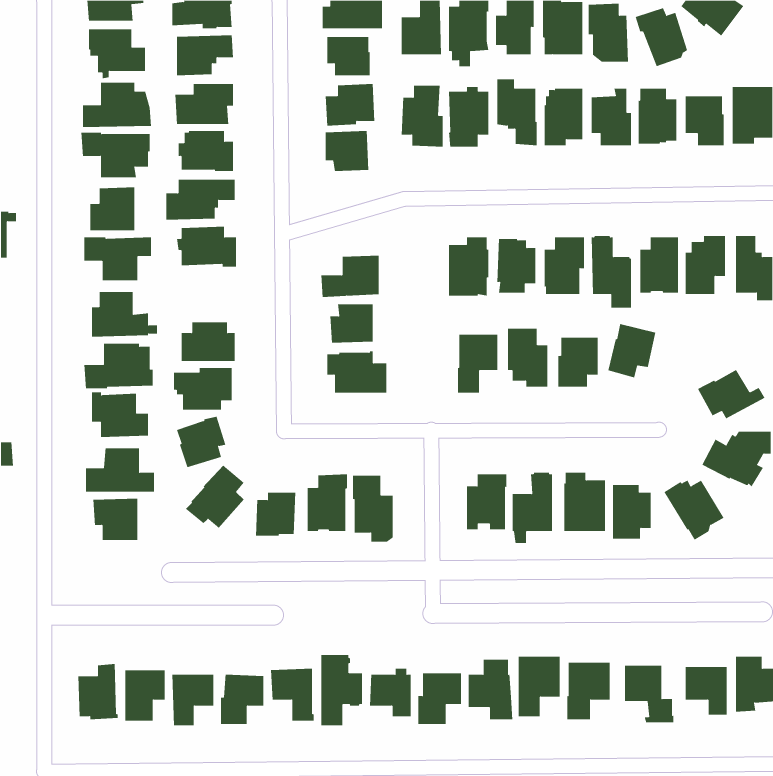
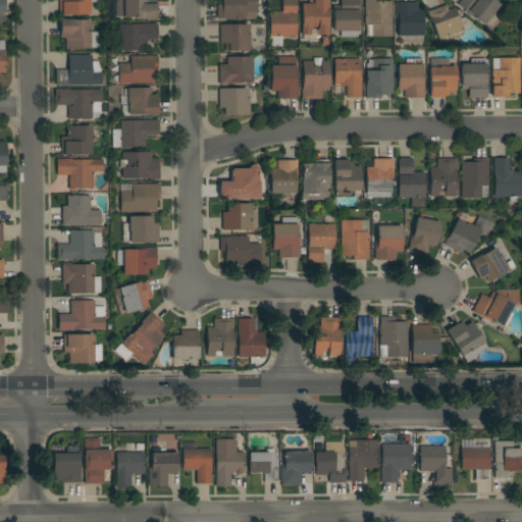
building: none -> [271,160,299,194]
building: none -> [121,184,161,212]
building: none -> [445,213,493,254]
building: none -> [273,217,302,258]

